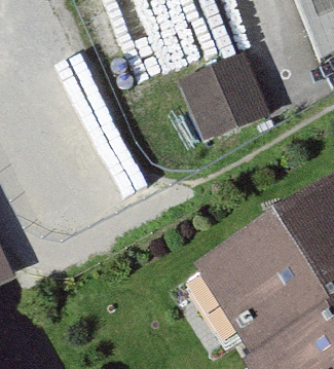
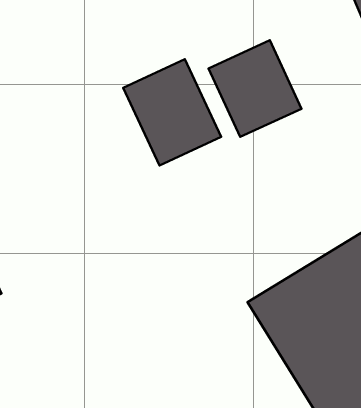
building: none -> [123,59,221,165]

